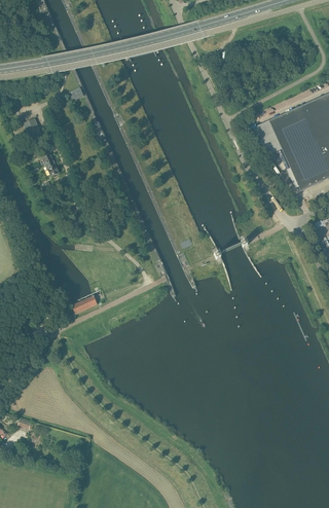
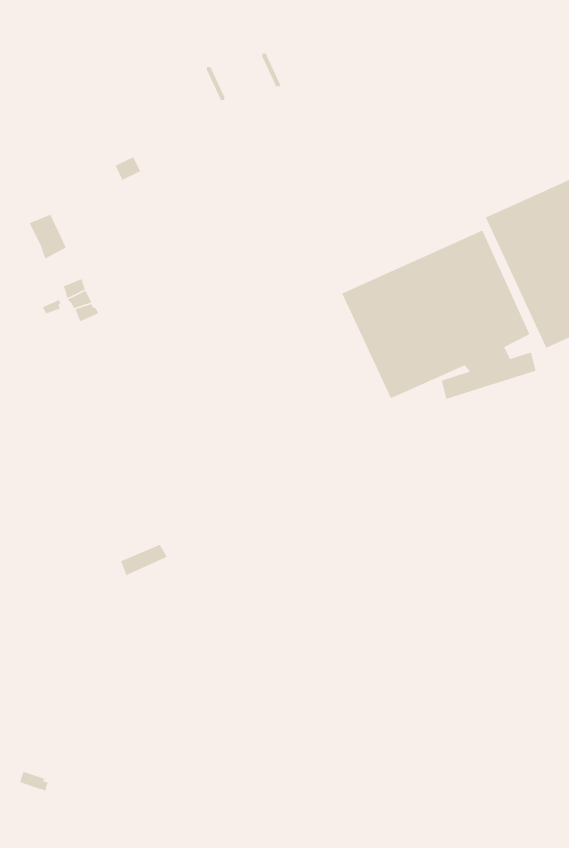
building: none -> [341,229,536,400]

